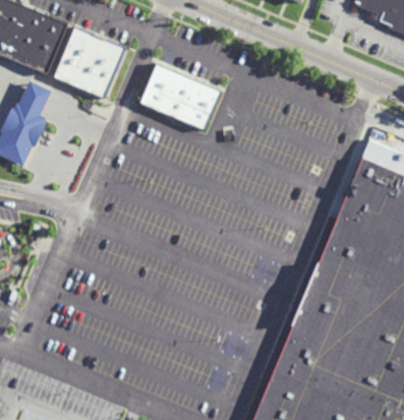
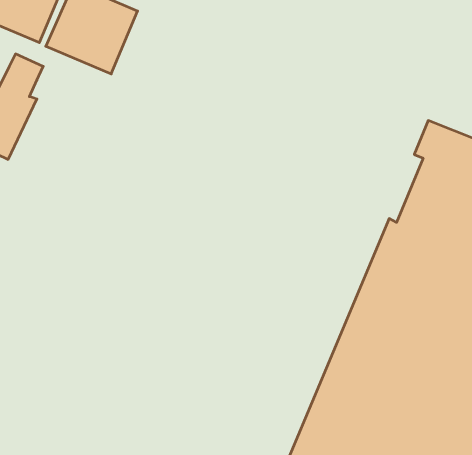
building: [139,66,222,131] -> none

